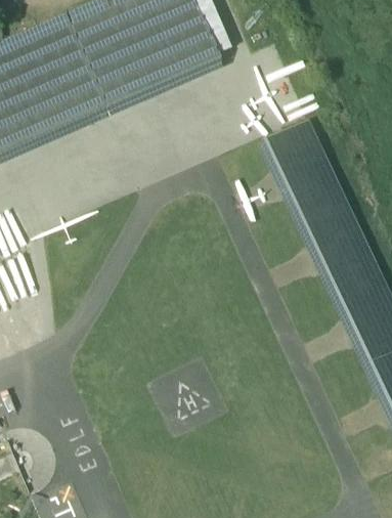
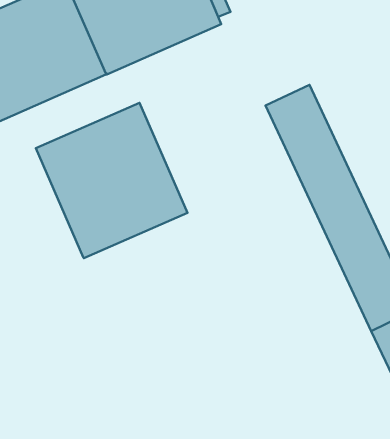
building: none -> [36,103,188,258]

